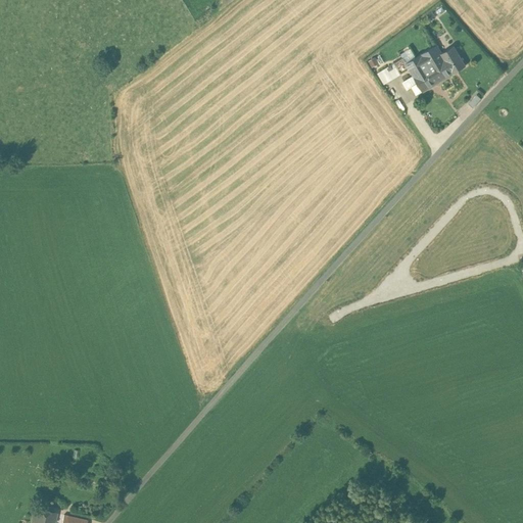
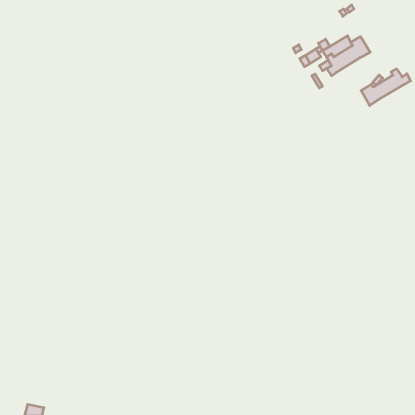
building: none -> [361,69,411,106]

